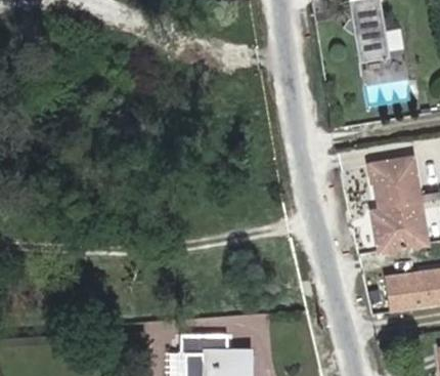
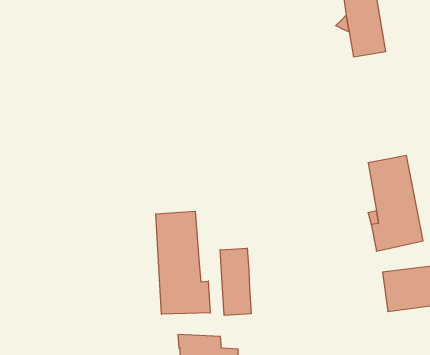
building: none -> [156,211,210,314]
building: none -> [220,248,251,315]

